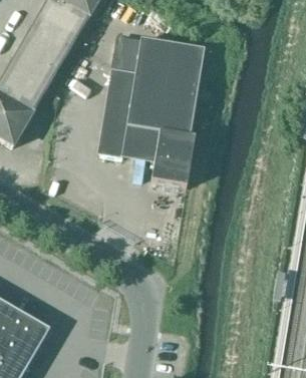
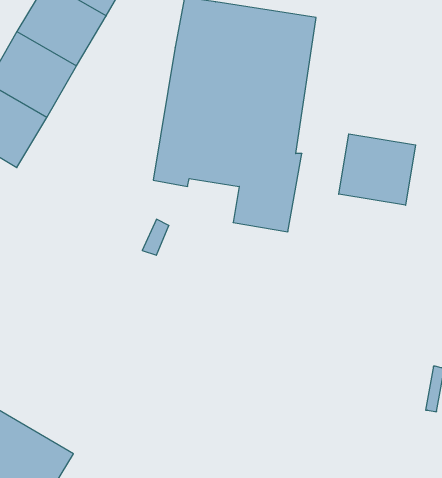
building: none -> [339,134,416,205]

